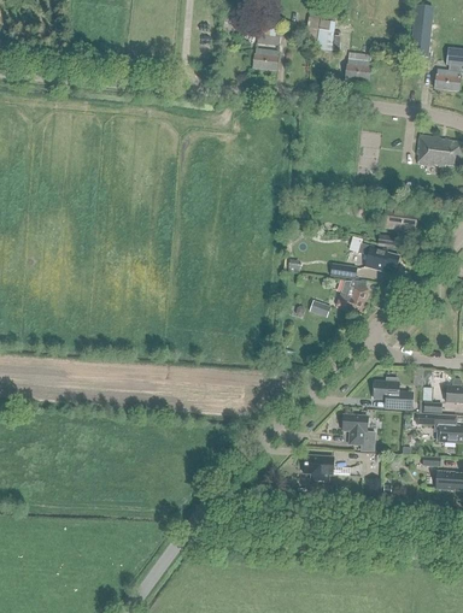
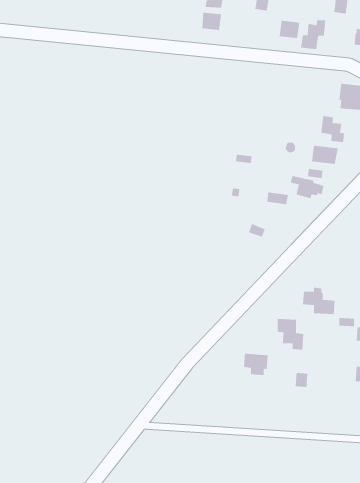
building: none -> [300,19,326,50]
building: none -> [321,115,344,143]
building: [335,279,369,313] -> none

